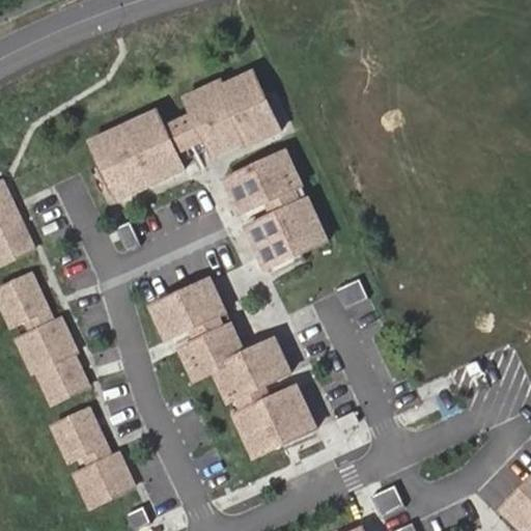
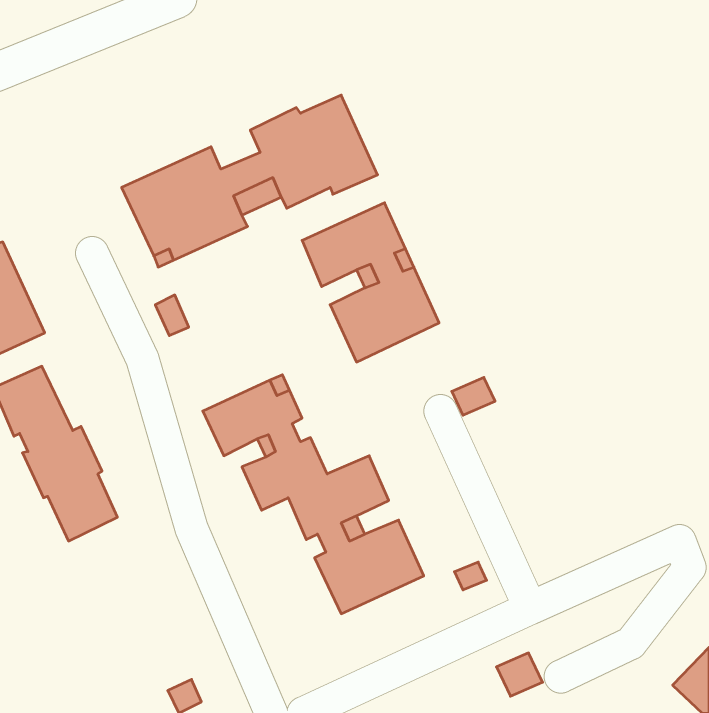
building: [51,407,133,505] -> none

